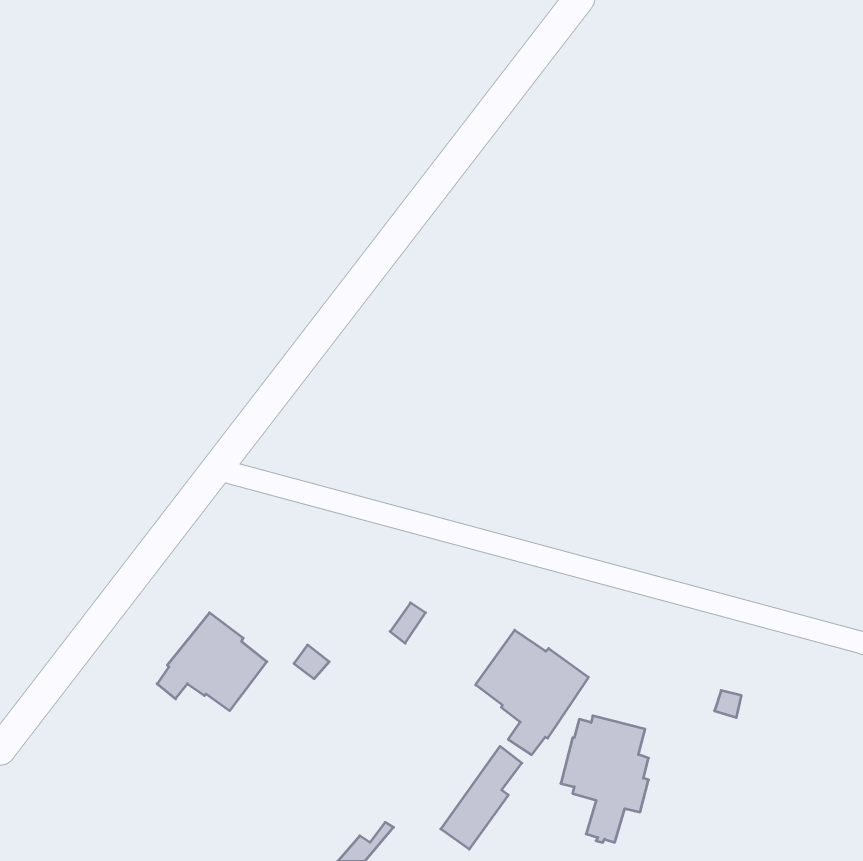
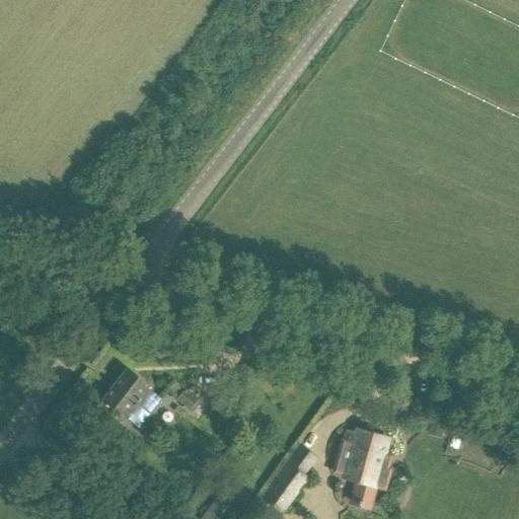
building: [476,630,588,755] -> none

